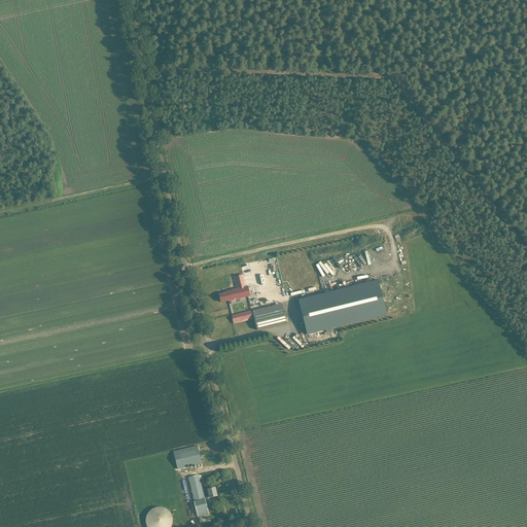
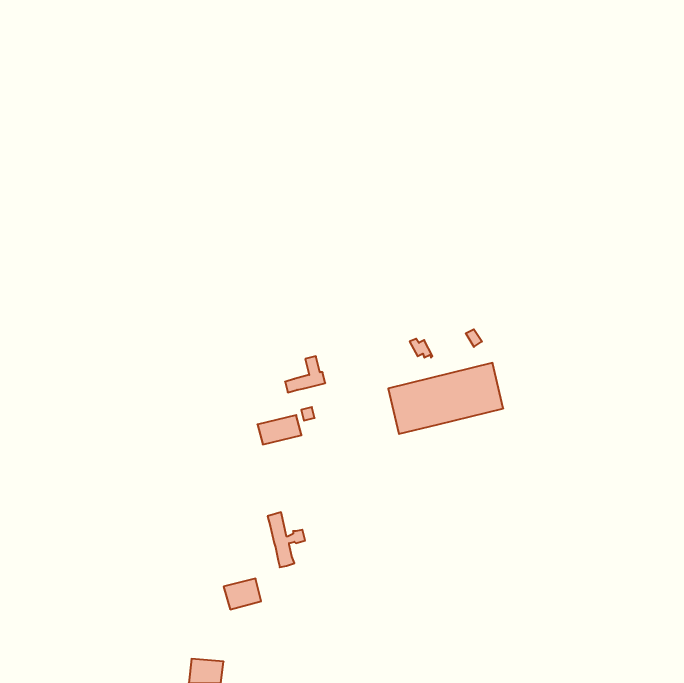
building: [253,307,287,329] -> [257,415,302,444]
building: [188,473,217,516] -> [268,512,305,567]

